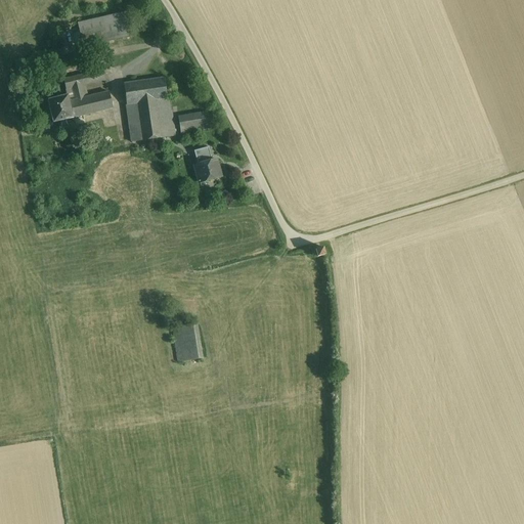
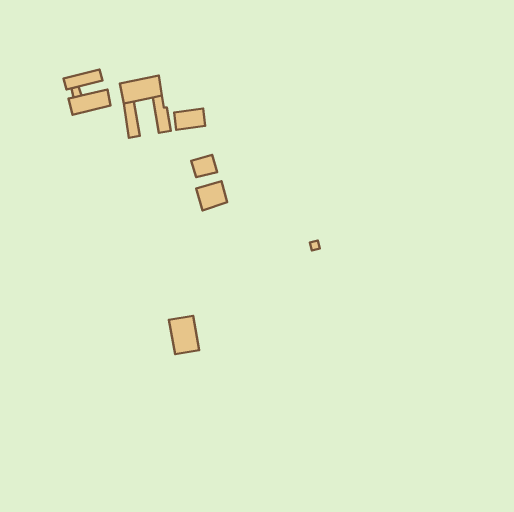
building: [78,10,132,46] -> none
building: [49,95,74,122] -> none
building: [136,99,162,138] -> none
building: none -> [196,181,227,210]

